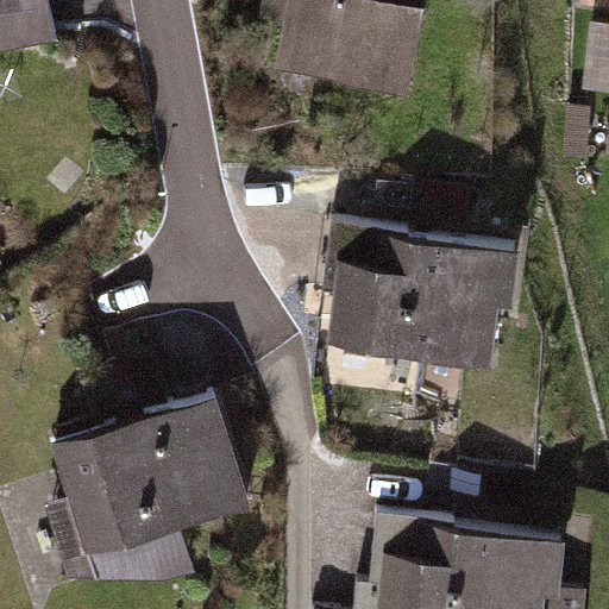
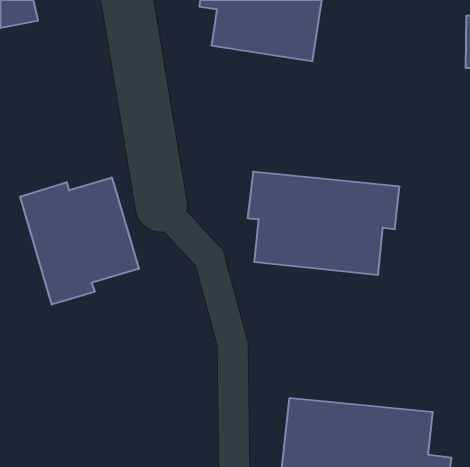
building: none -> [20,177,139,305]
building: [50,394,247,578] -> none

